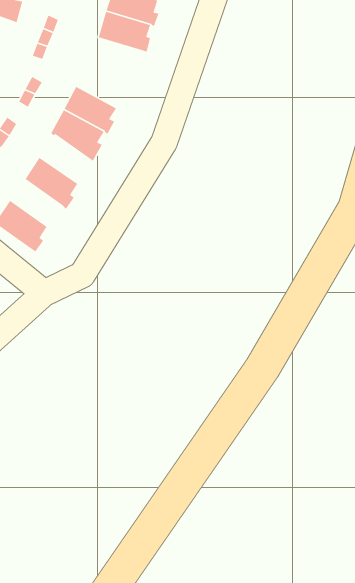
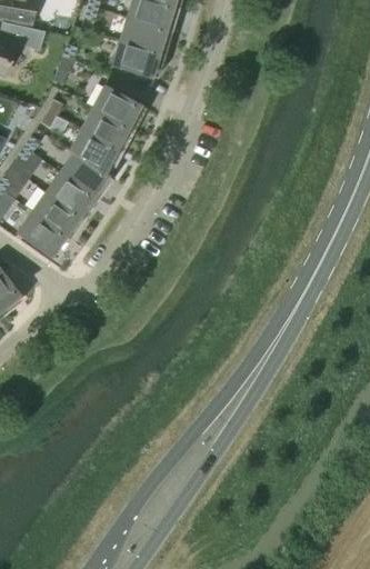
building: none -> [94,86,143,131]
building: none -> [61,152,110,200]
building: none -> [34,192,82,239]

